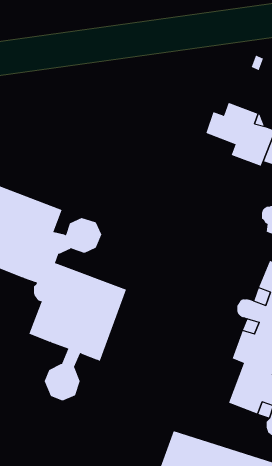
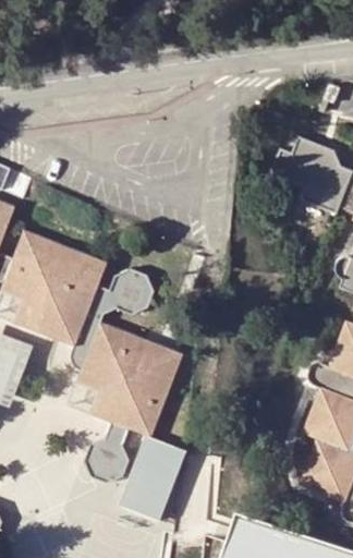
building: none -> [121,435,187,520]

